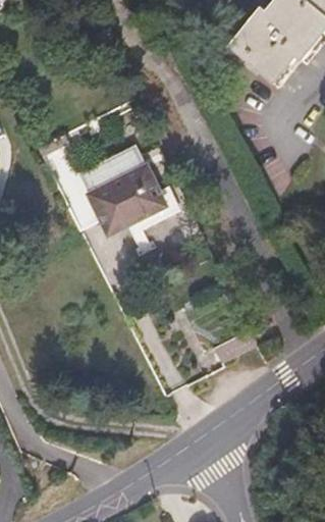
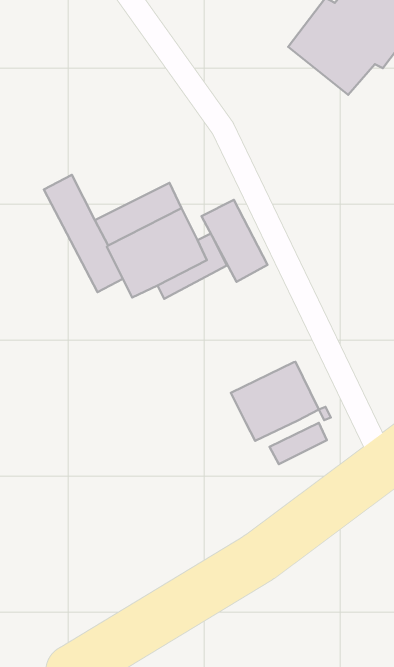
building: none -> [202,200,268,282]
building: none -> [231,362,319,441]

